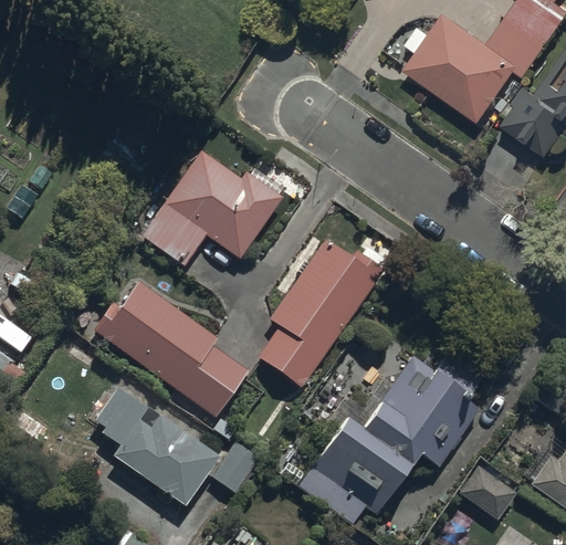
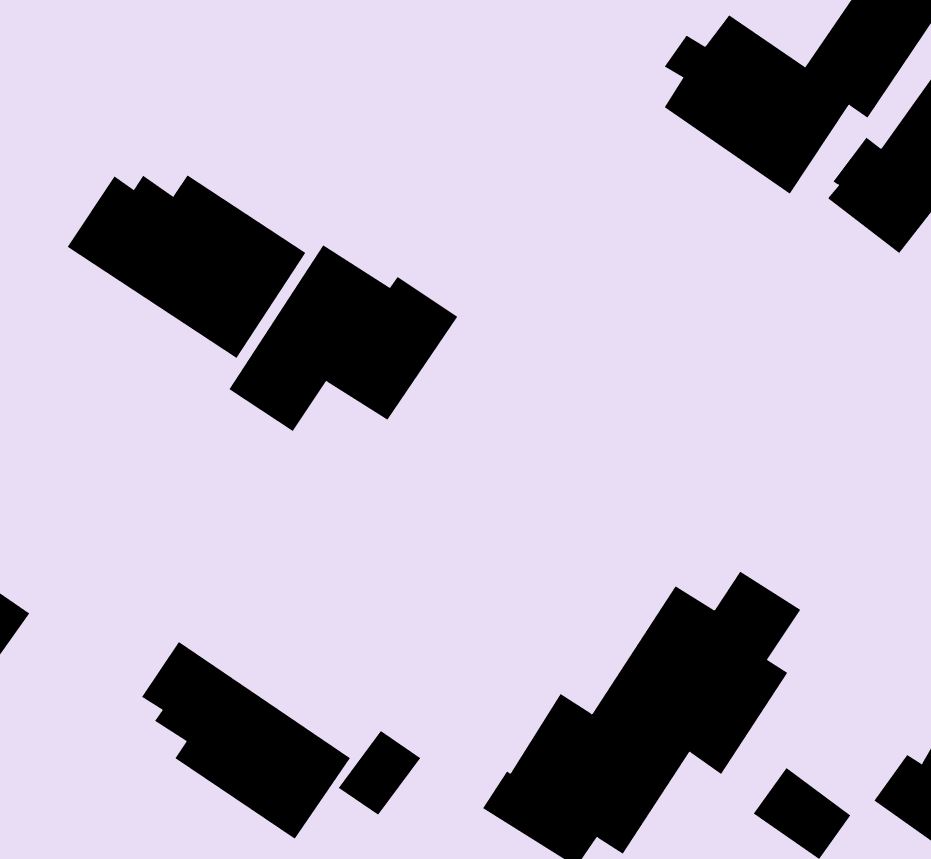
building: none -> [67,174,306,359]
building: [256,231,388,387] -> none
building: [92,282,251,418] -> none

